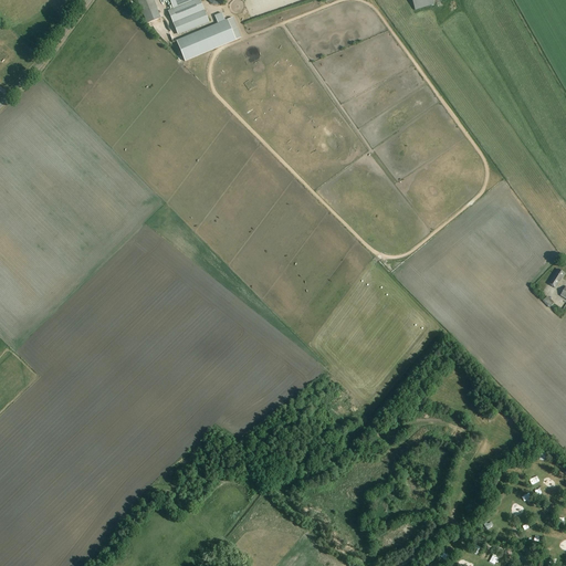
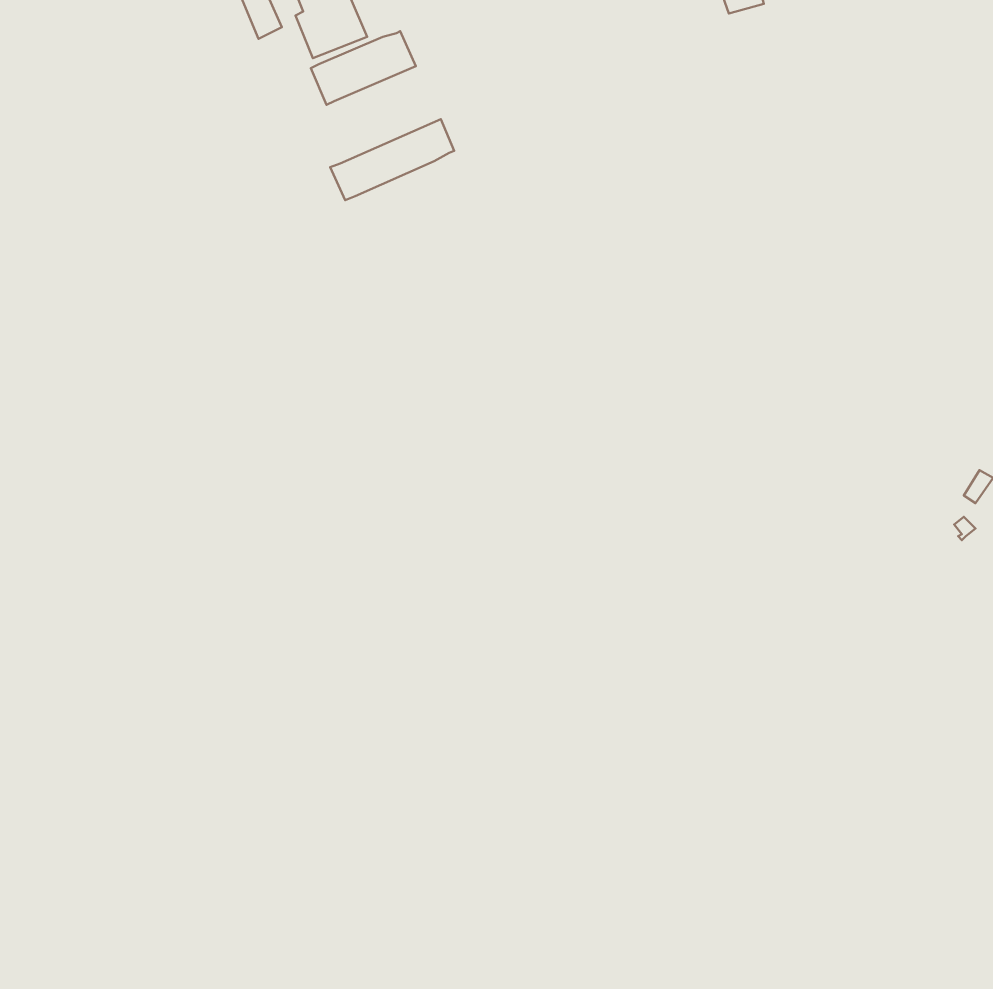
building: none -> [330,119,454,200]

